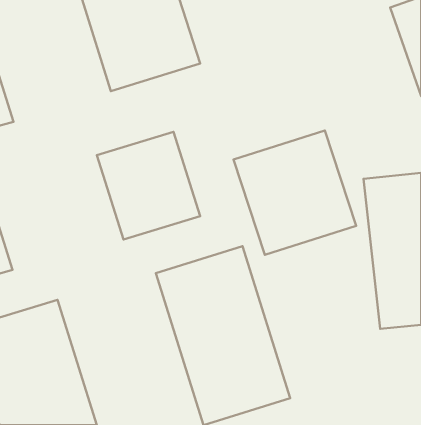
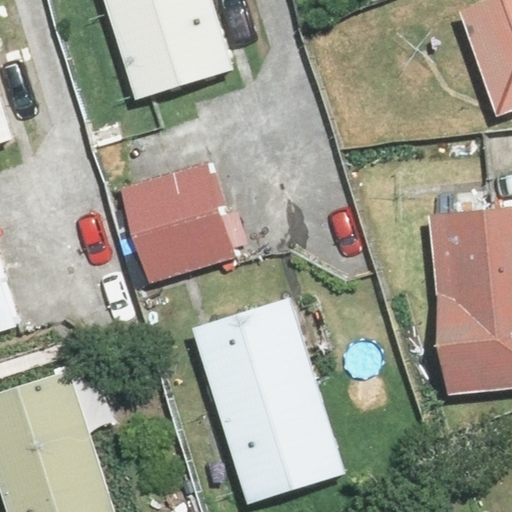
building: [233,130,356,255] -> none

